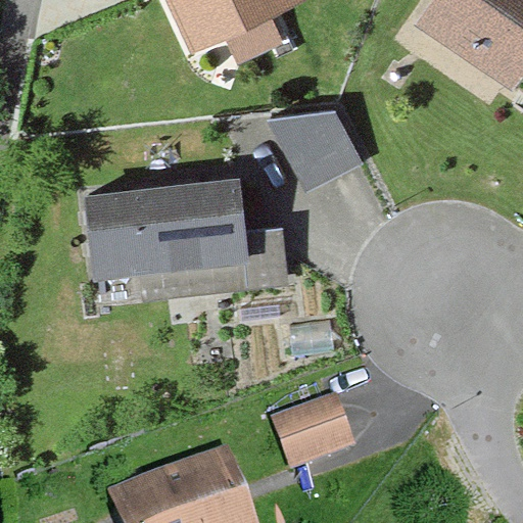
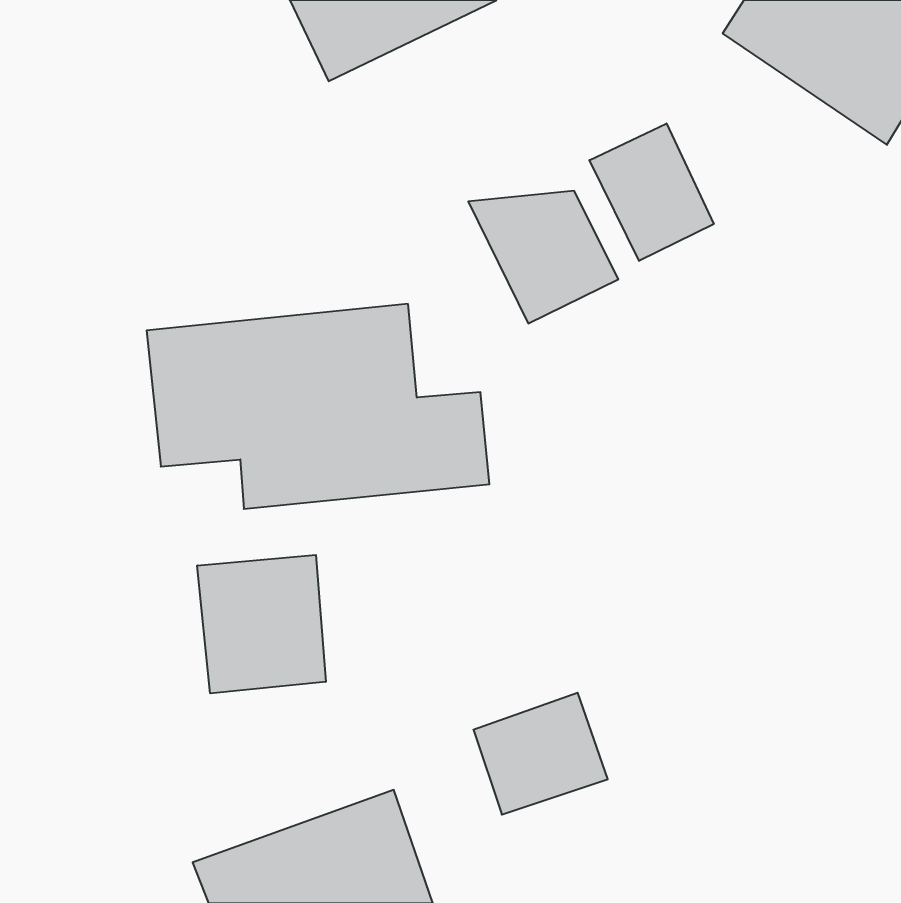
building: none -> [589,123,714,261]
building: none -> [197,555,326,693]

